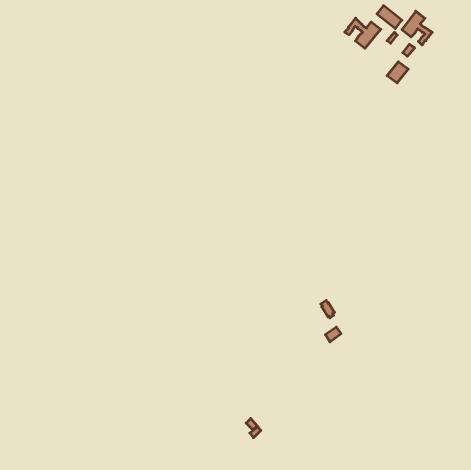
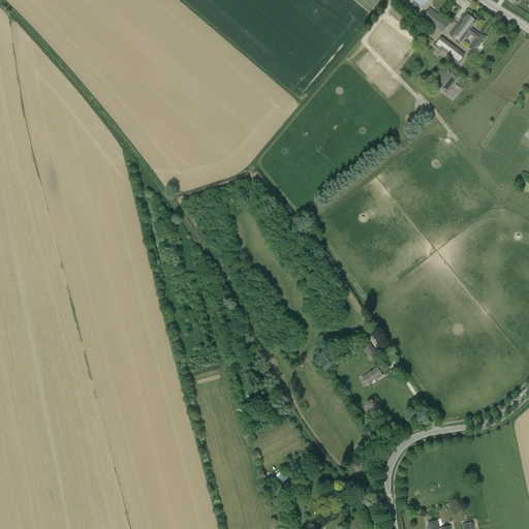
building: [345,18,381,48] -> none

